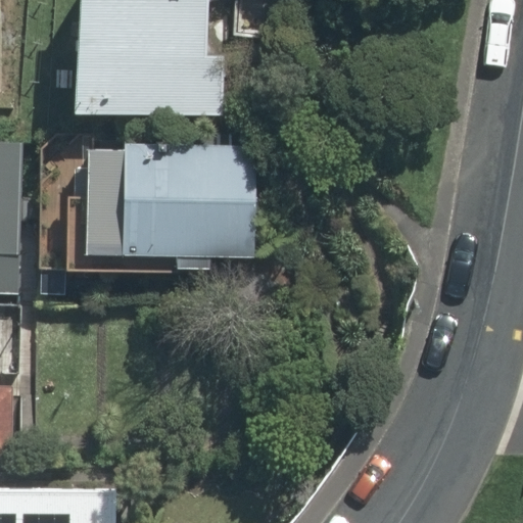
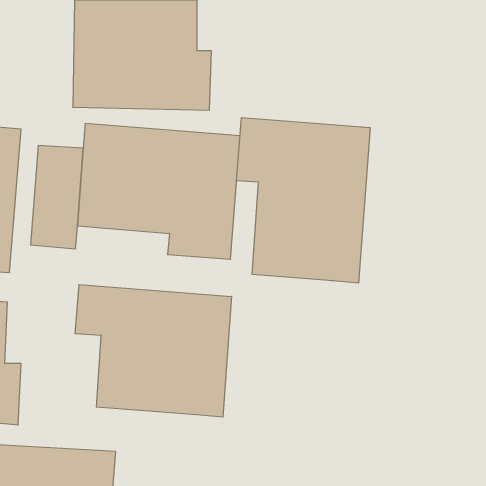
building: none -> [237,118,370,283]
building: none -> [75,285,232,417]

